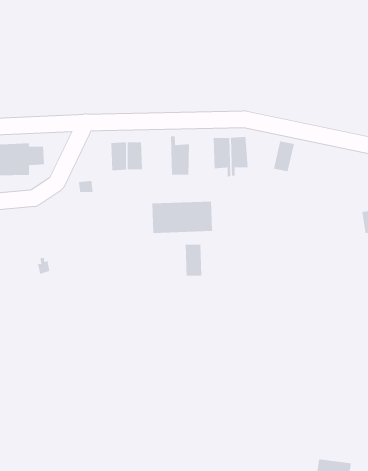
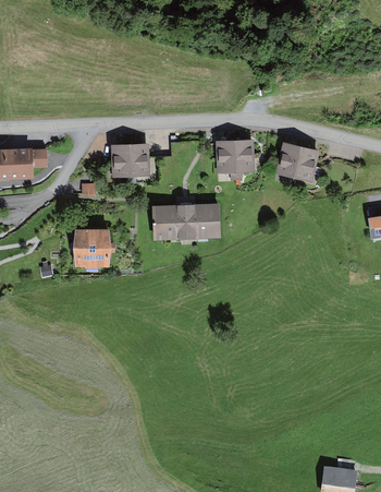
building: [170,136,189,175] -> none
building: none -> [294,147,317,179]
building: none -> [74,227,112,265]
building: [185,244,202,277] -> none

